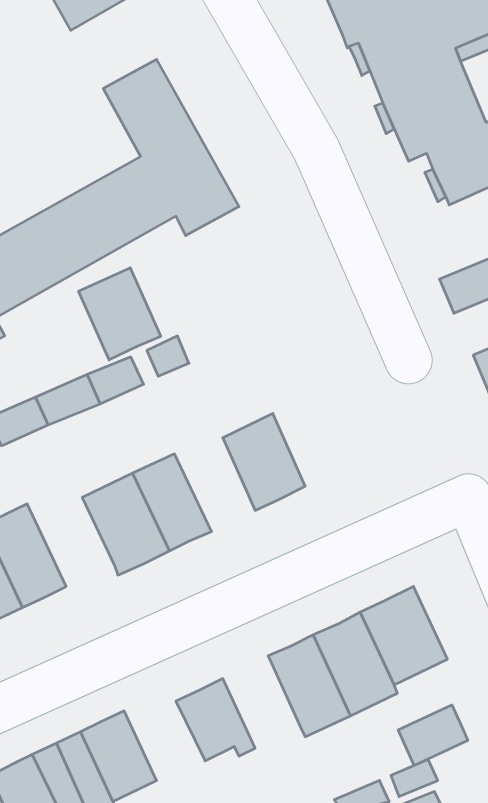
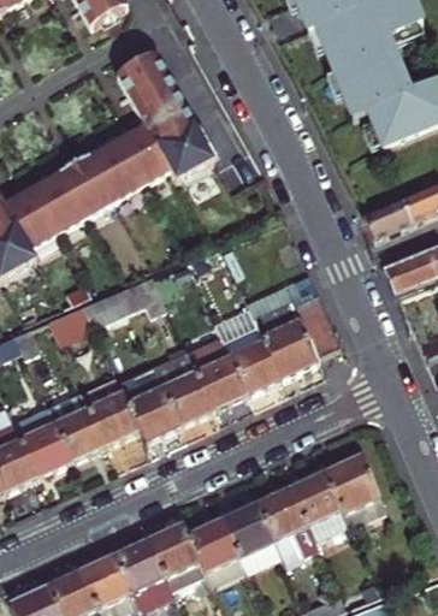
building: [79,268,161,360] -> none
building: none -> [243,291,325,373]
building: none -> [172,333,232,407]
building: none -> [63,369,128,448]
building: none -> [208,499,266,568]
building: none -> [135,523,195,594]
building: [398,705,468,765] -> none

